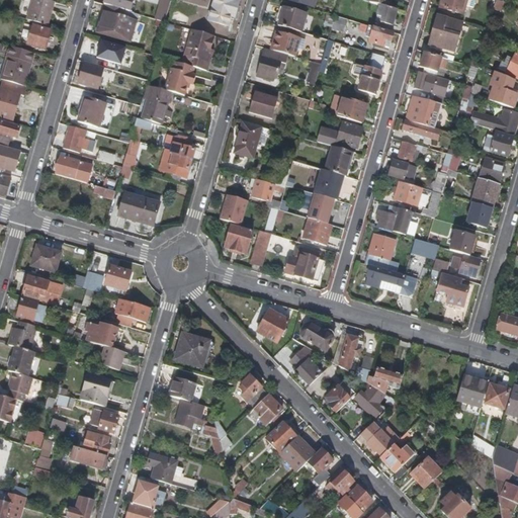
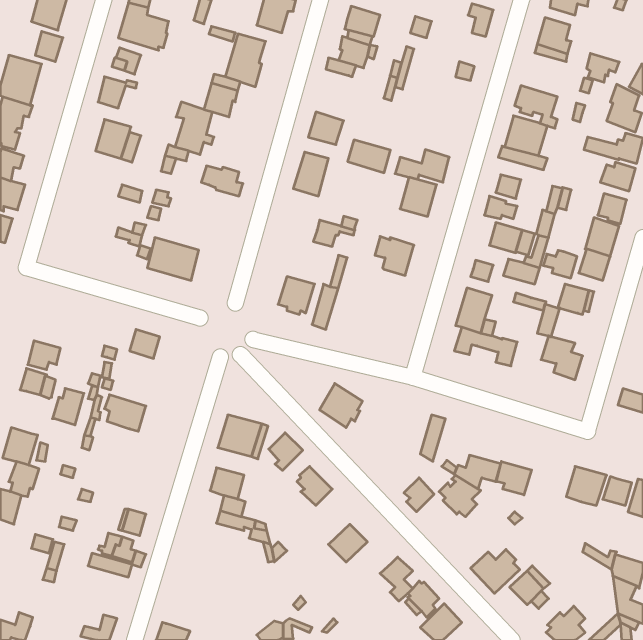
building: [366,23,393,46] -> none
building: [421,51,447,74] -> [587,53,619,82]
building: [257,56,280,80] -> none
building: [354,62,380,90] -> none
building: [331,94,365,120] -> [348,140,390,173]
building: [62,123,94,151] -> none
building: [159,148,192,175] -> none
building: [56,154,92,181] -> none
building: [314,167,343,198] -> none
building: [220,192,248,224] -> none
building: [303,217,331,242] -> none
building: [30,245,60,271] -> none
building: [286,246,319,277] -> none
building: [452,252,480,274] -> [543,250,577,278]
building: [112,298,148,327] -> none
building: [7,320,32,349] -> [52,388,84,425]
building: [300,322,335,351] -> none
building: [98,345,124,370] -> none
building: [290,346,321,384] -> none
building: none -> [497,461,532,495]
building: [80,372,112,405] -> none
building: [254,394,281,424] -> [269,433,303,470]
building: [361,422,393,455] -> none
building: [278,435,315,470] -> none
building: [146,453,184,483] -> none
building: [134,480,166,508] -> none

